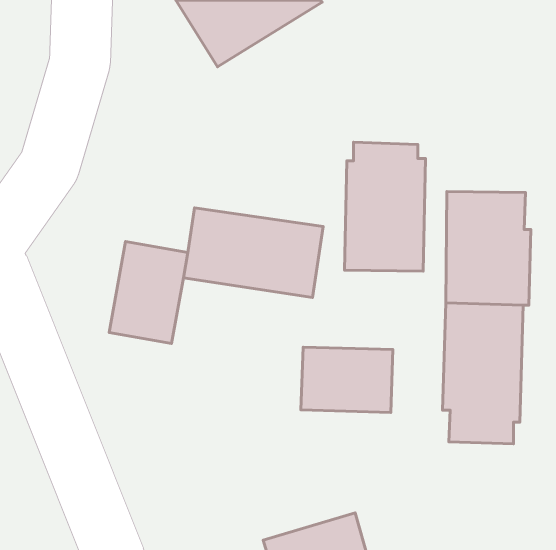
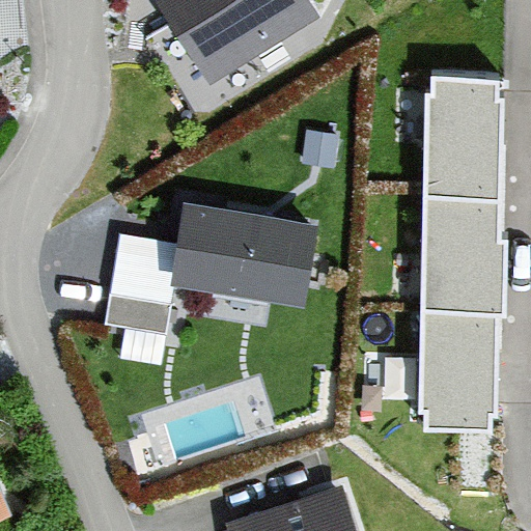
building: [345,142,425,271] -> [424,68,501,191]
building: [301,347,393,412] -> none

